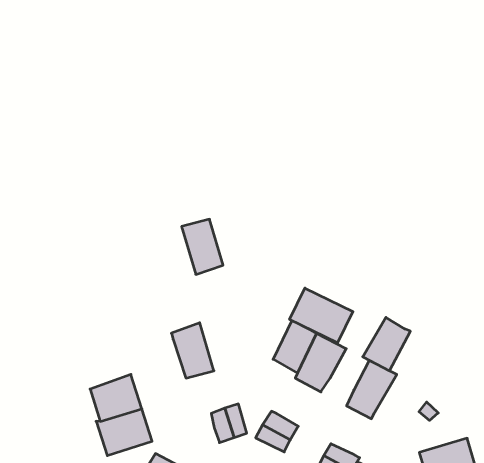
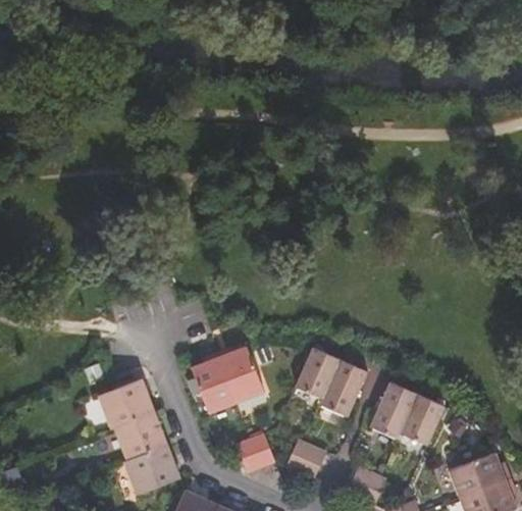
building: [182,219,223,274] -> [220,346,264,402]
building: [290,288,353,343] -> none
building: [363,317,410,371] -> [400,394,446,447]
building: none -> [100,378,155,429]

